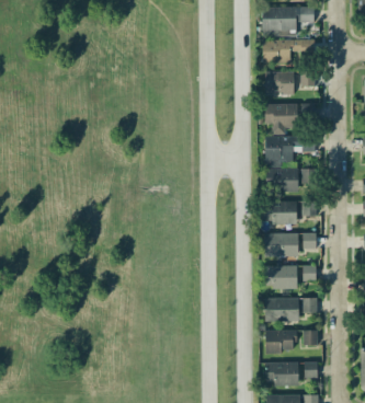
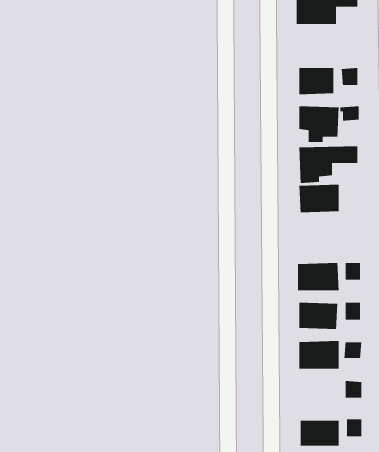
building: [263,39,313,60] -> none
building: [264,200,298,224] -> none
building: [265,330,296,352] -> none

